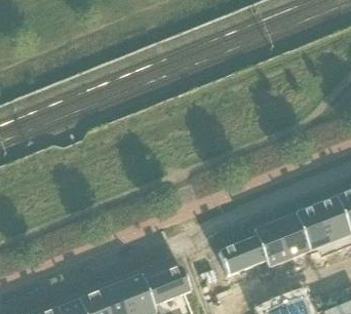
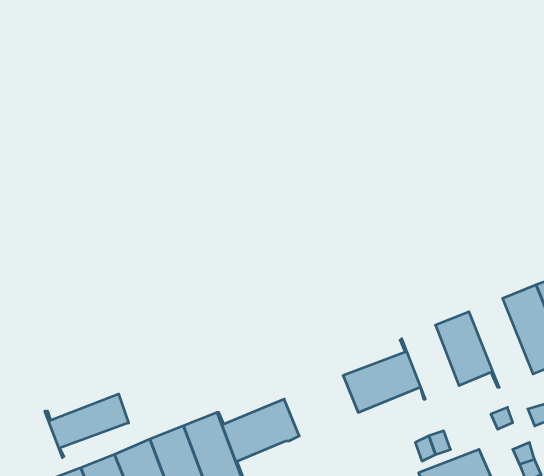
building: [294,204,333,259] -> none
building: [252,221,287,266] -> none
building: none -> [45,394,129,458]

